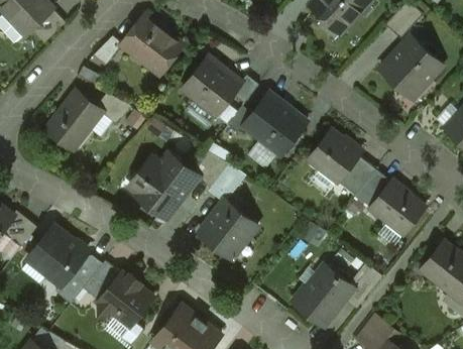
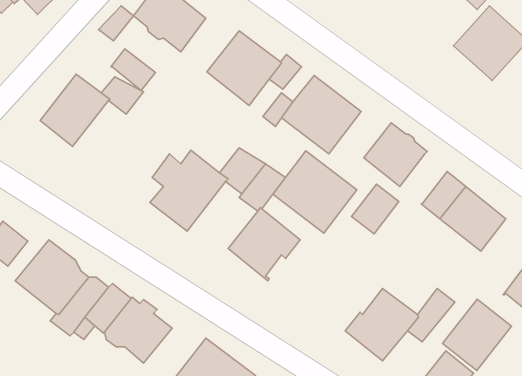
building: none -> [111,49,155,91]
building: none -> [273,151,357,233]
building: [338,155,376,196] -> [352,184,399,234]
building: none -> [442,299,512,370]

